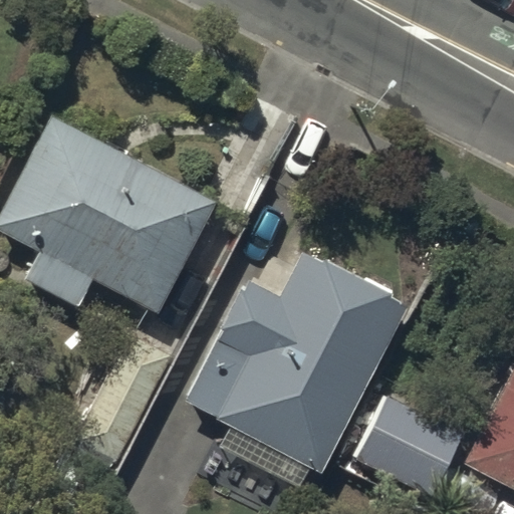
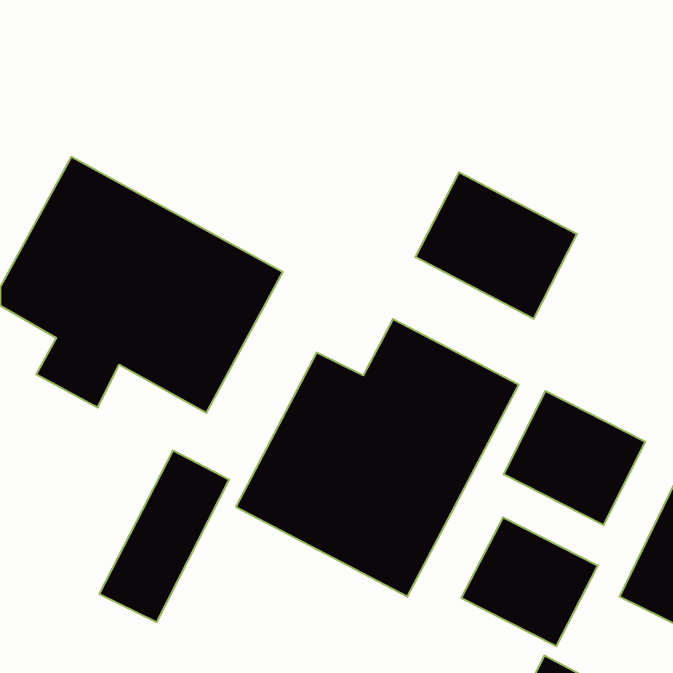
building: none -> [415,172,577,319]
building: none -> [504,391,645,525]

